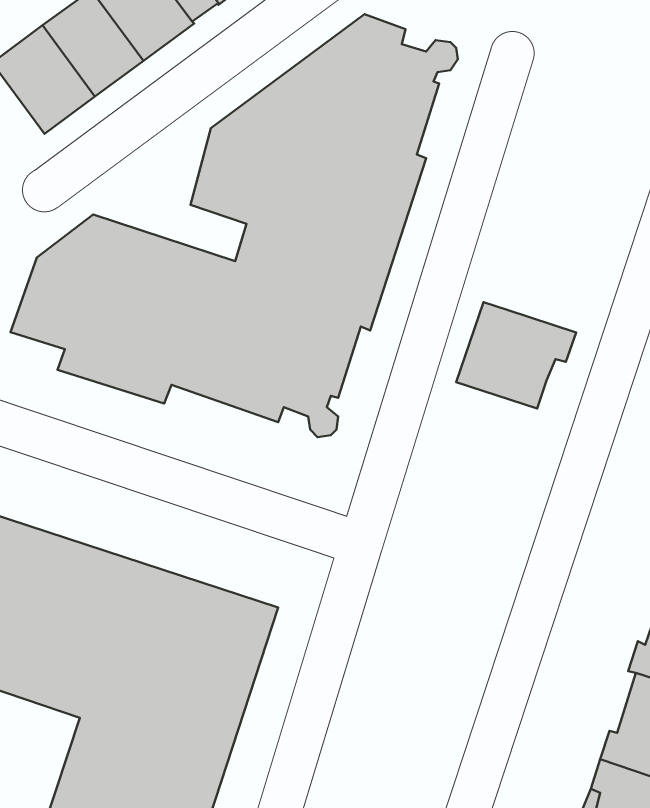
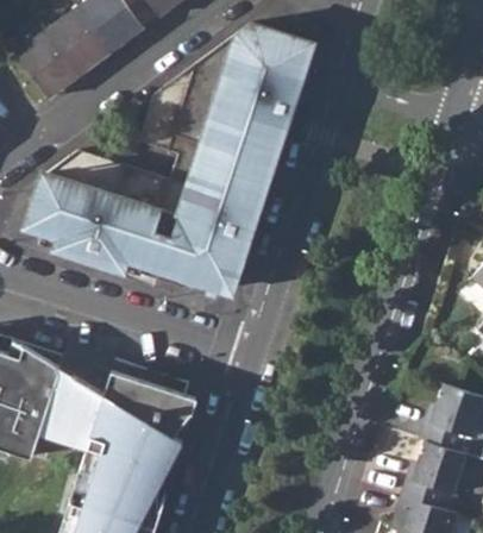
building: [456,302,576,409] -> none

